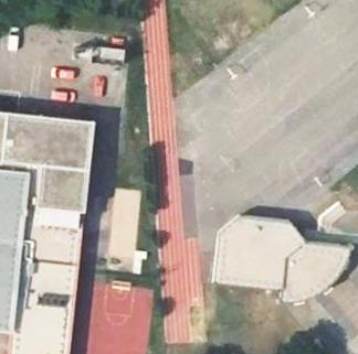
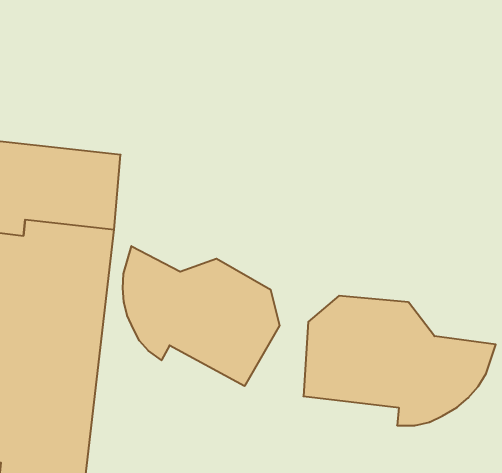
building: none -> [123,246,279,386]

